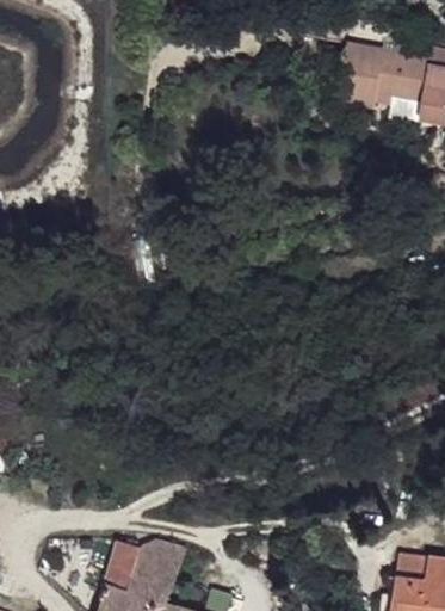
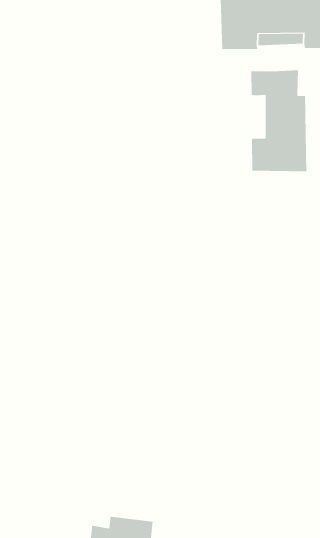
building: none -> [251,69,307,172]

